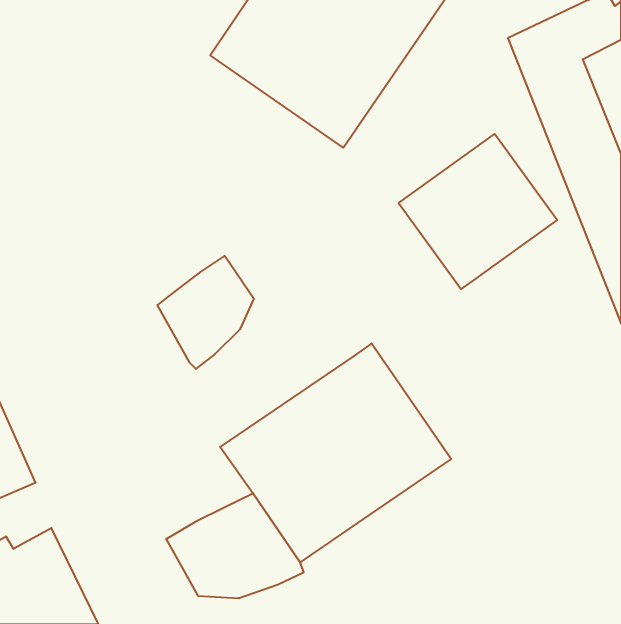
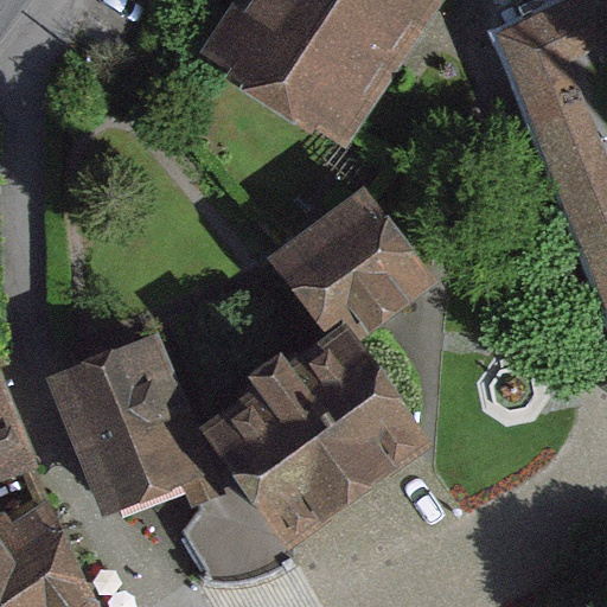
building: [399,134,557,289] -> [281,193,434,343]
building: [157,256,254,369] -> none
building: none -> [64,340,217,511]

